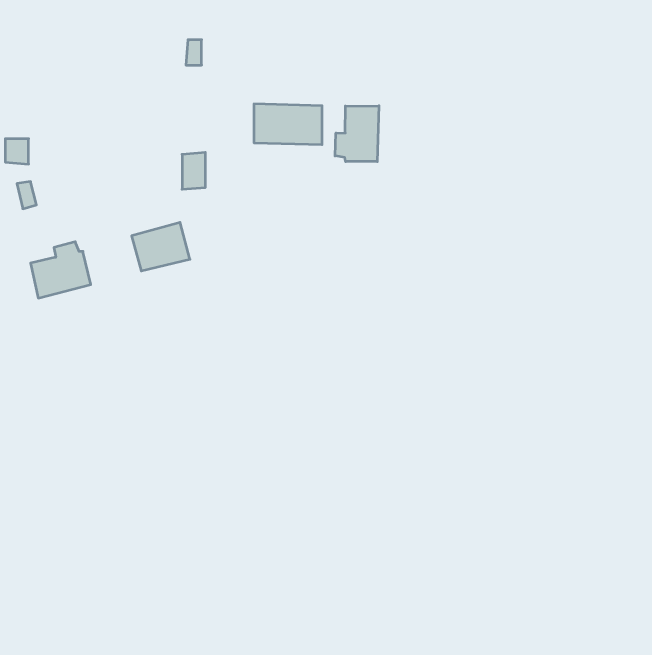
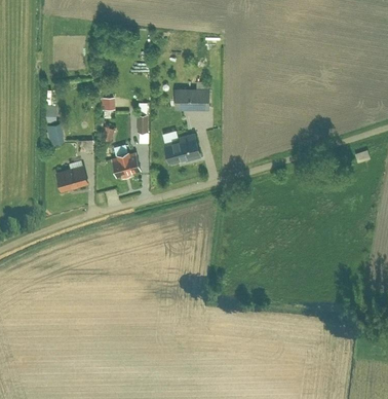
building: [335,106,379,162] -> none
building: none -> [163,134,199,165]

